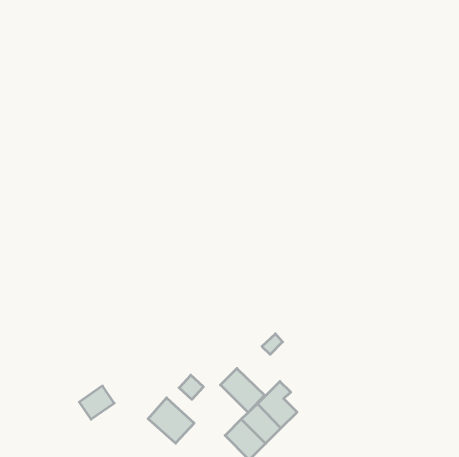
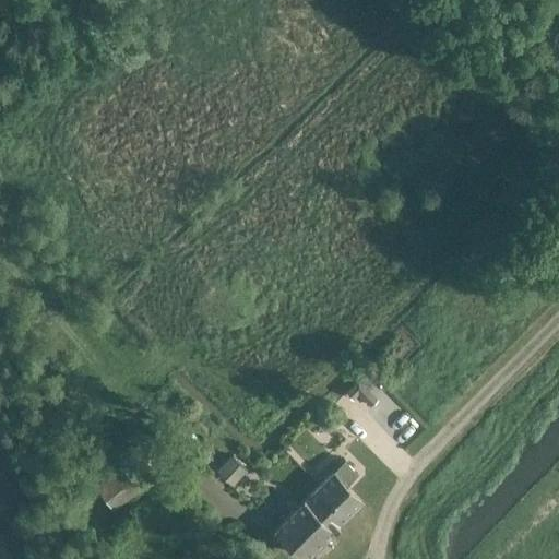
building: [220,368,265,413] -> none
building: [148,398,194,443] -> none

